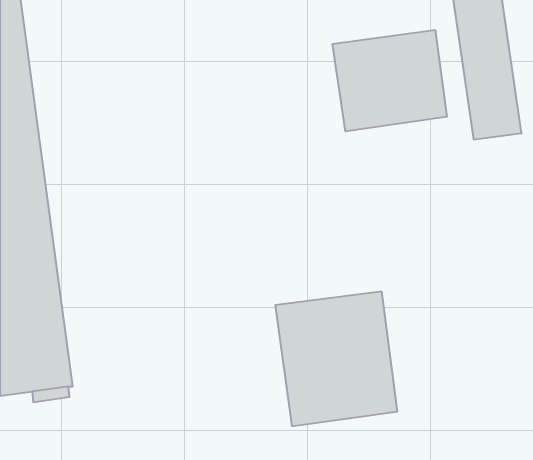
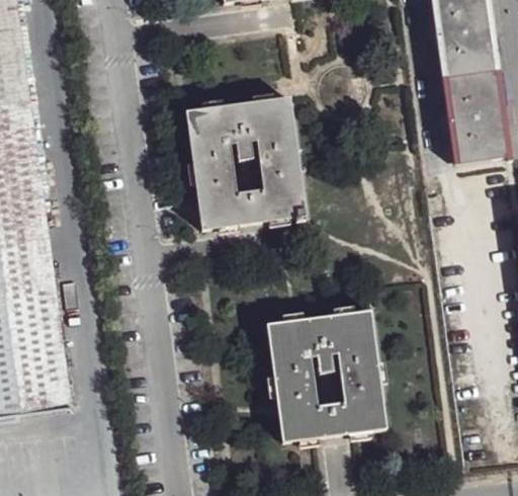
building: [332,30,447,131] -> none
building: none -> [186,97,305,228]

